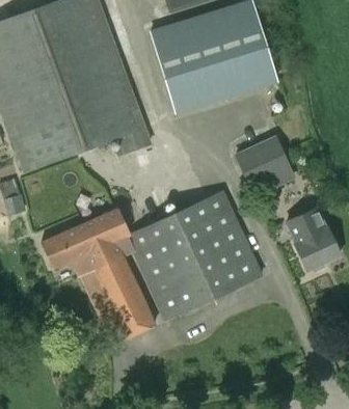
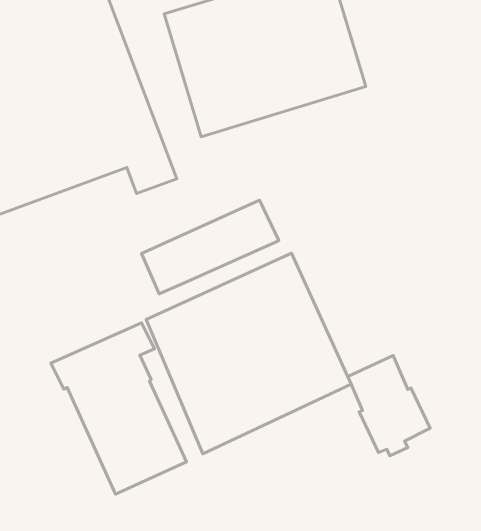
building: [237,137,291,187] -> none
building: [288,208,341,272] -> [348,355,430,456]
building: [42,209,130,269] -> [142,200,279,294]

